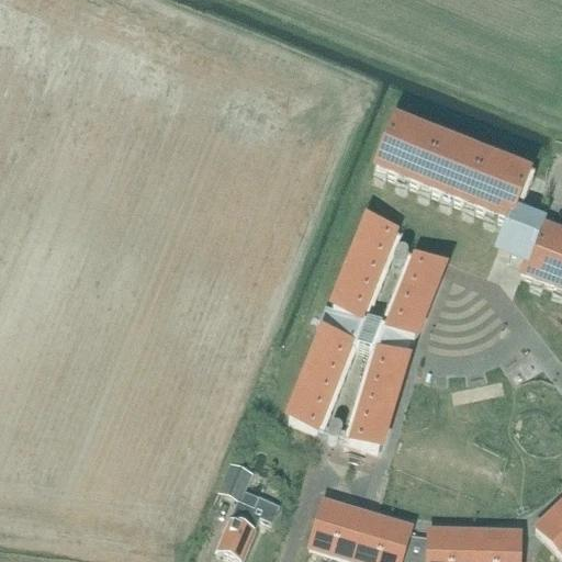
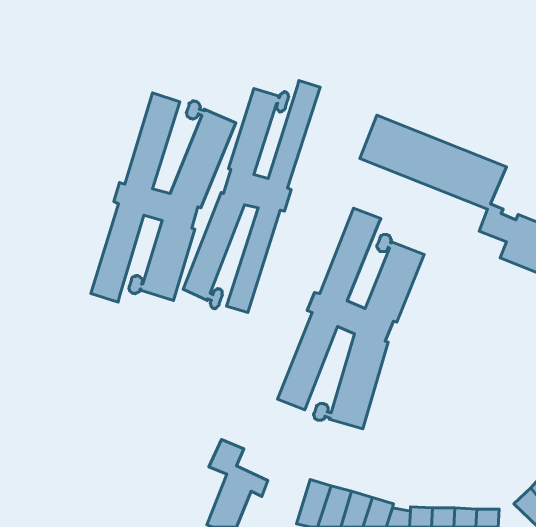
building: none -> [183,81,320,313]
building: none -> [91,93,236,302]

